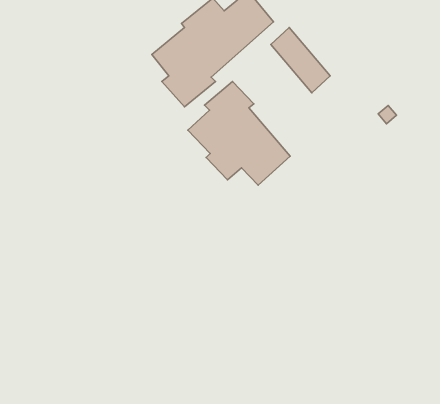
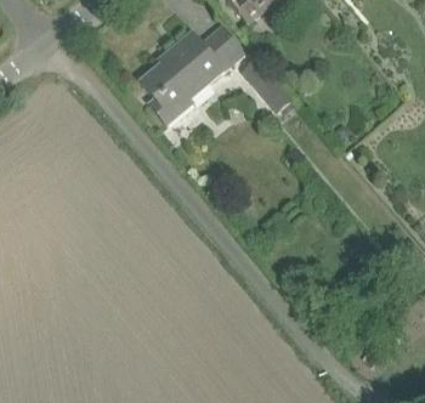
building: [188,81,290,185] -> none

